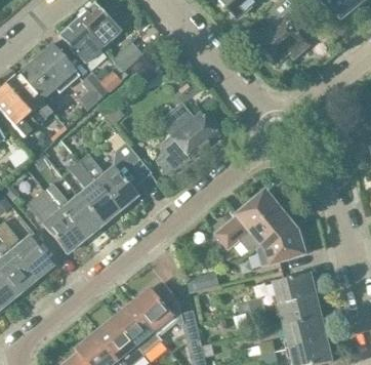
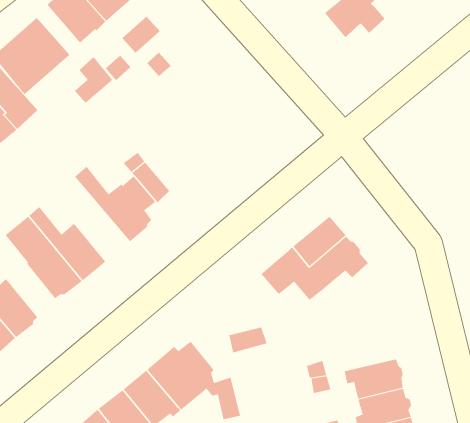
building: [157,106,217,174] -> none
building: [68,161,119,224] -> none
building: [259,225,306,262] -> none
building: [275,273,316,305] -> none

